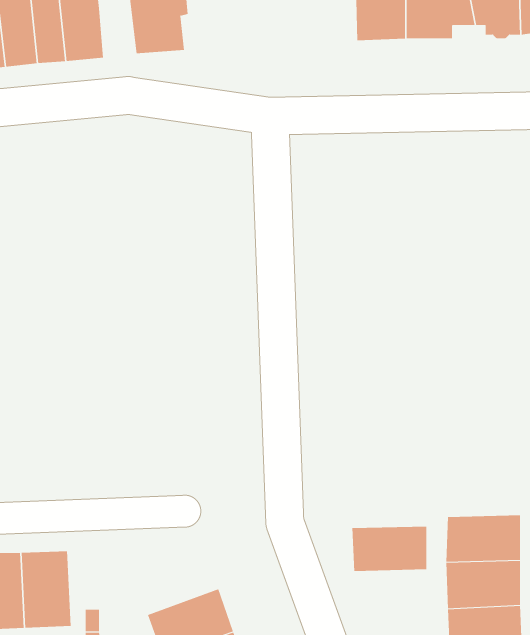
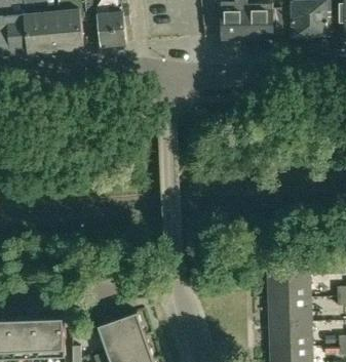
building: [352,526,427,571] -> [268,272,309,296]
building: none -> [98,312,145,350]

